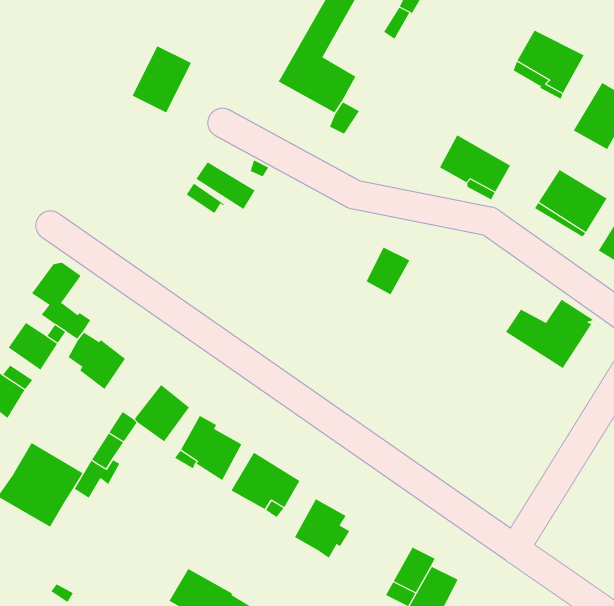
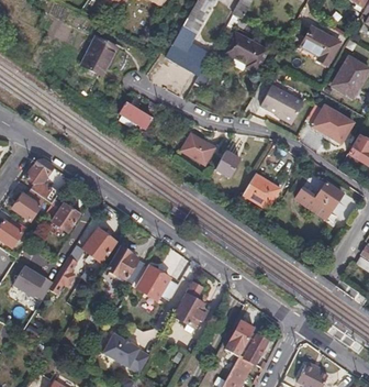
building: none -> [223,32,267,70]
building: none -> [182,133,215,163]
building: none -> [243,173,280,208]

